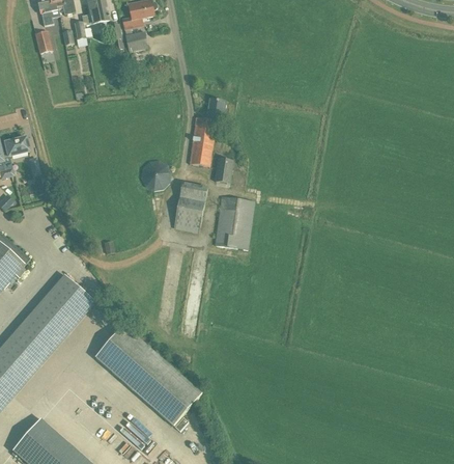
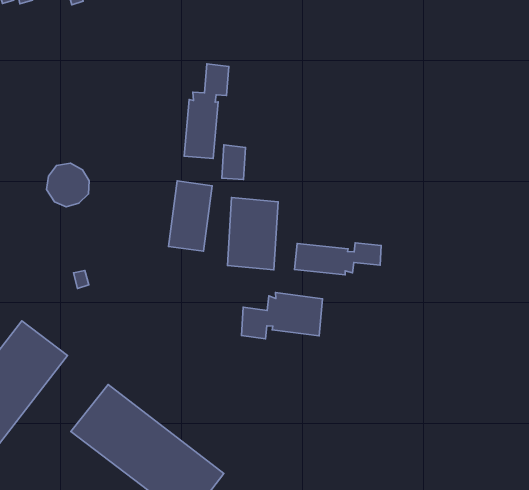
building: [140,160,171,191] -> [46,163,89,207]
building: none -> [294,243,381,275]
building: none -> [241,293,323,339]

